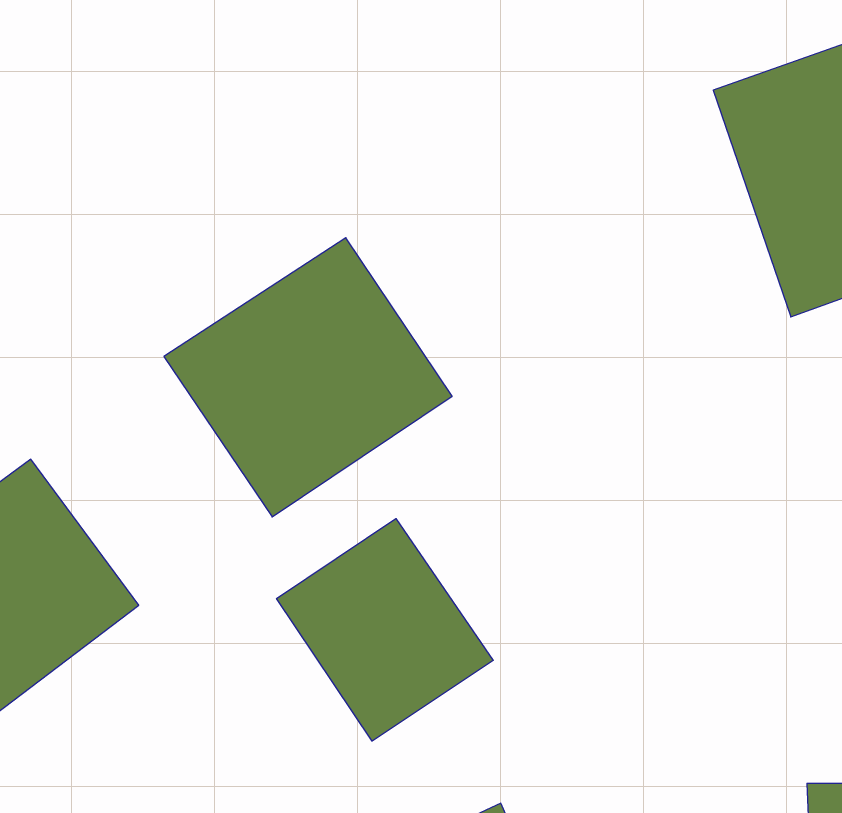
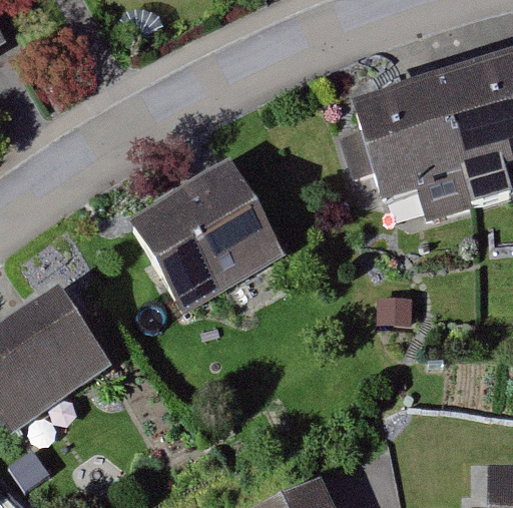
building: none -> [352,78,476,232]
building: [277,519,493,741] -> none

